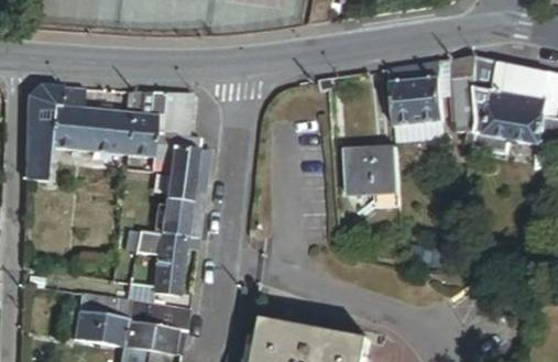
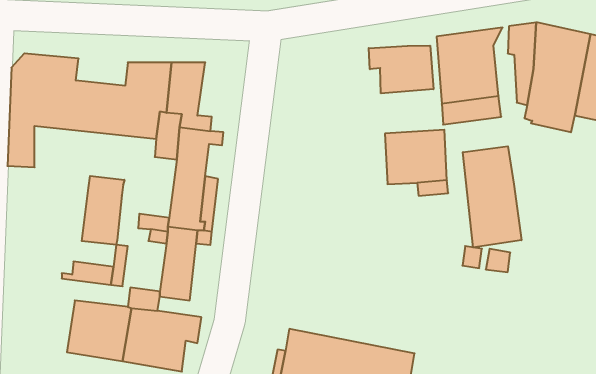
building: none -> [369,46,433,93]
building: none -> [463,146,521,247]
building: none -> [82,176,124,245]

